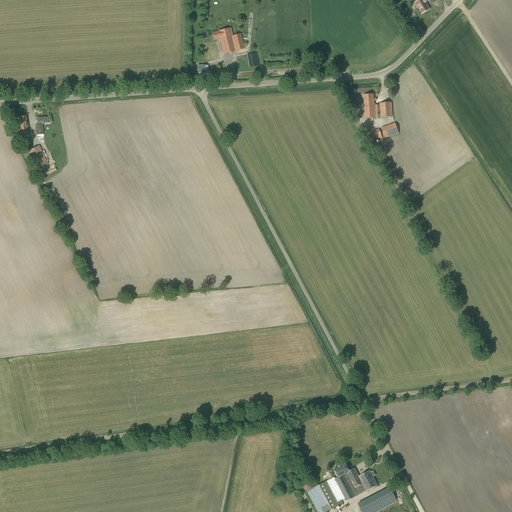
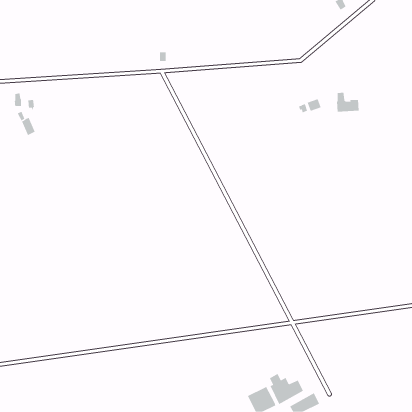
building: [211,27,243,53] -> none
building: [362,93,391,118] -> [336,92,360,112]

